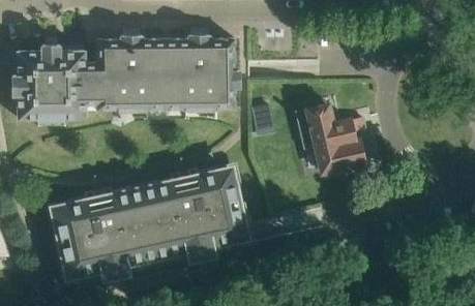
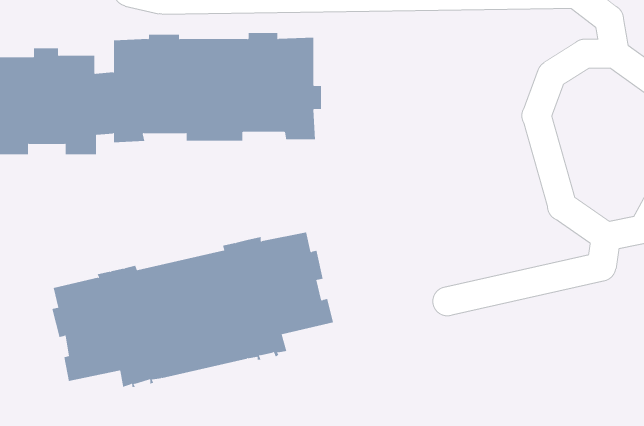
building: [295,97,363,171] -> none

